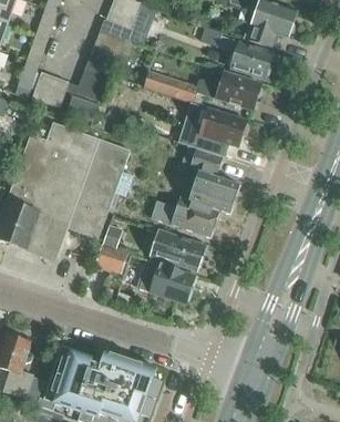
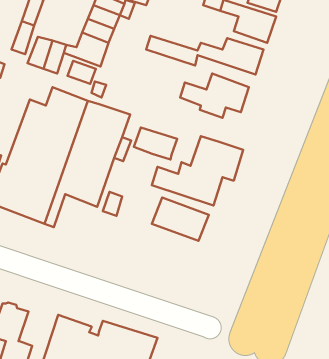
building: [181,144,223,175] -> [134,128,177,159]
building: [95,243,128,271] -> none
building: [140,258,195,303] -> none

